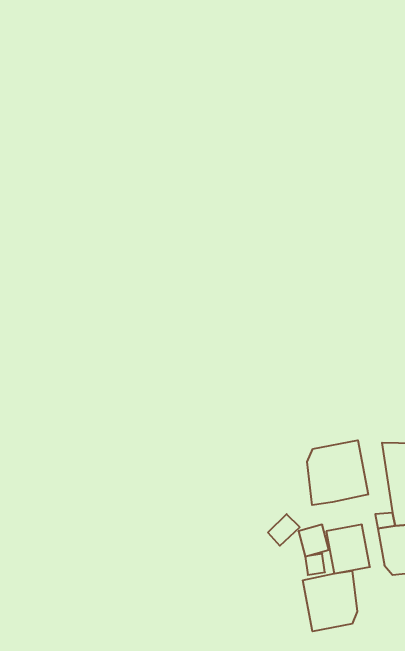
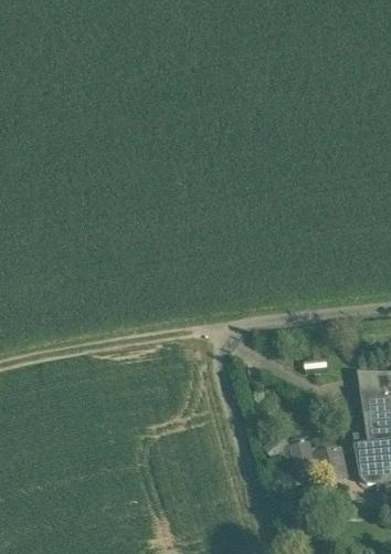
building: [307,440,368,505] -> none
building: [303,571,357,631] -> none

